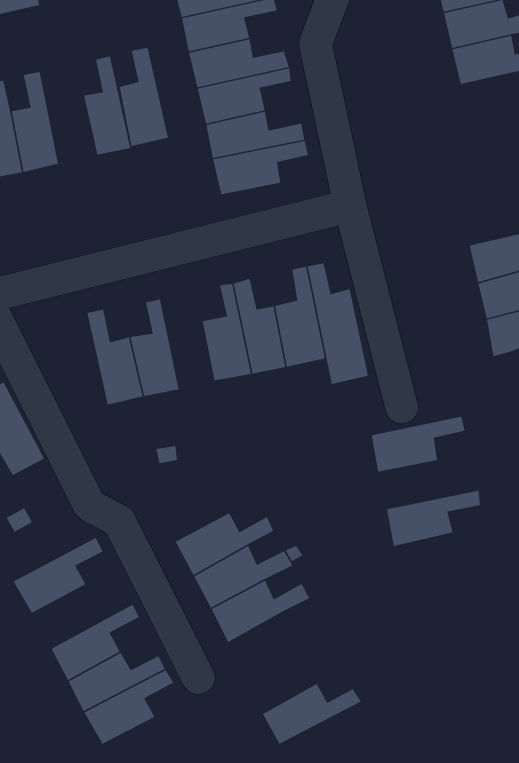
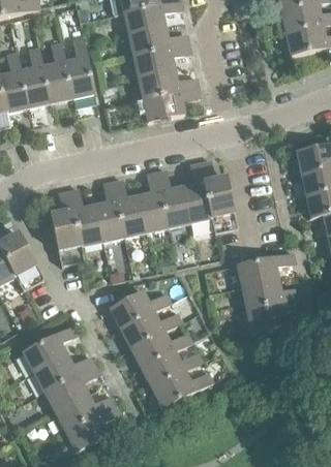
building: [119,47,169,147] -> [43,42,73,102]
building: none -> [112,181,144,238]
building: none -> [50,191,83,267]
building: none -> [242,280,303,309]
building: none -> [110,291,170,329]
building: none -> [34,354,95,393]
building: [262,683,362,745] -> [152,371,212,408]

